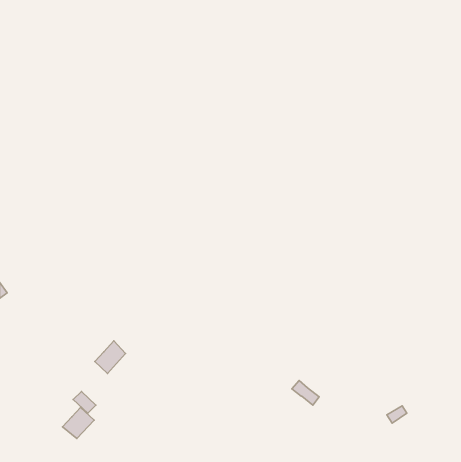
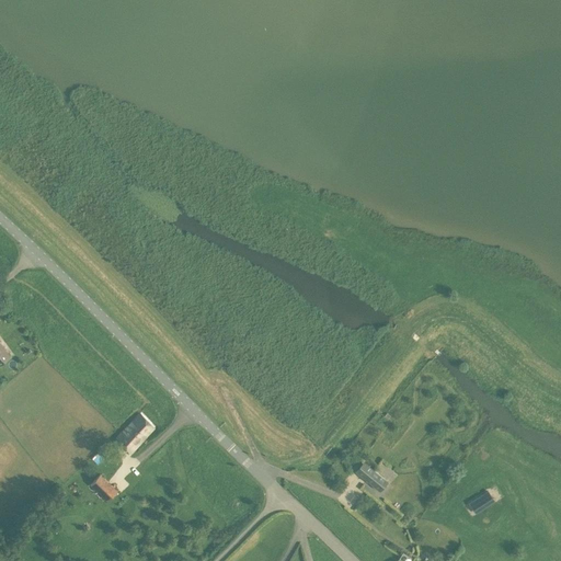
building: [63,408,94,439] -> none

